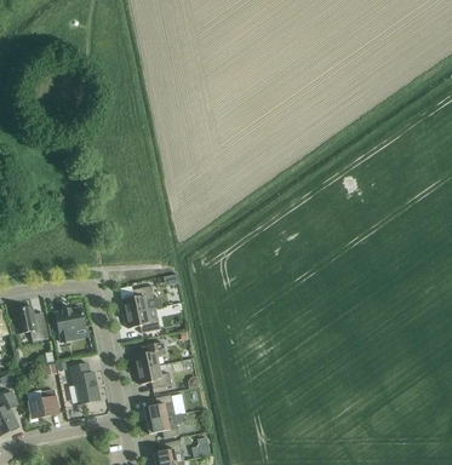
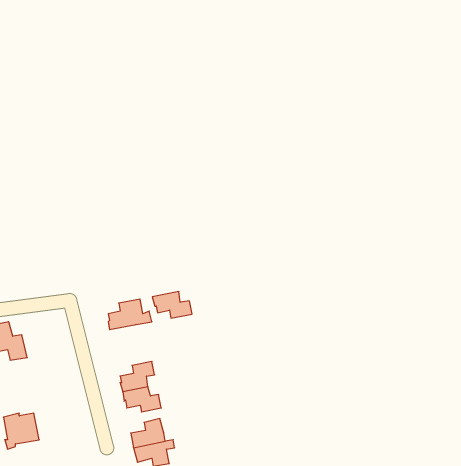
building: [55,306,86,341] -> none
building: [124,308,160,332] -> [152,292,192,318]
building: [70,362,101,403] -> none

